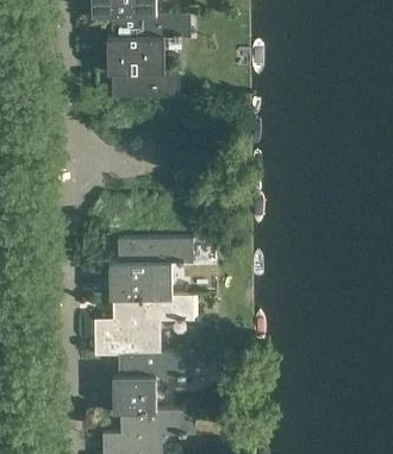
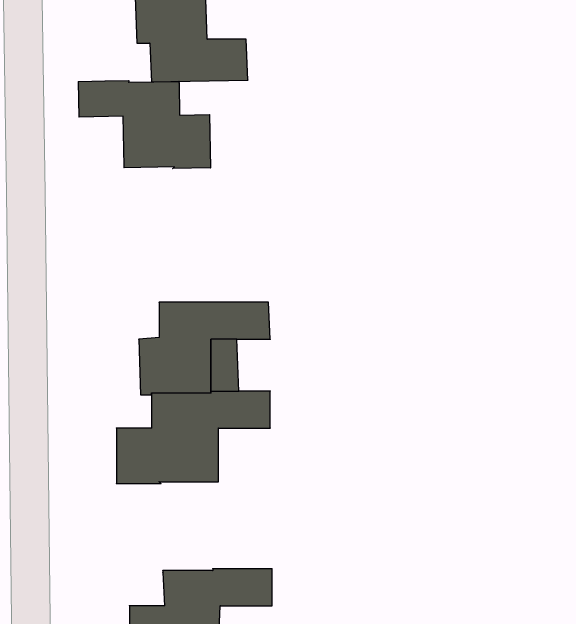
building: none -> [78,81,210,169]
building: [111,353,193,412] -> none

